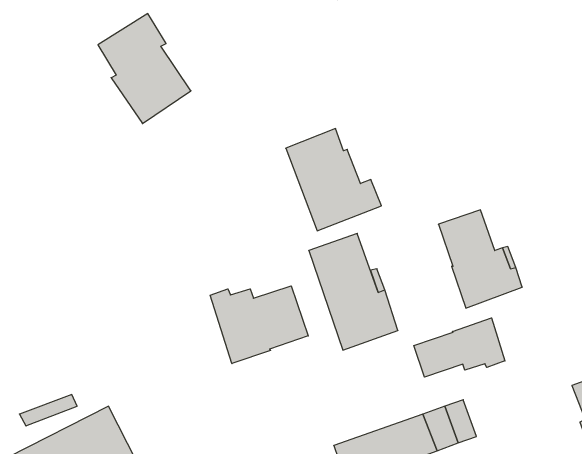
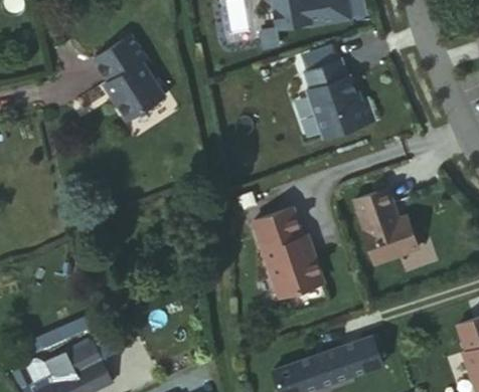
building: [286,129,381,231] -> [298,59,371,138]
building: [210,286,308,364] -> none
building: [414,318,505,377] -> none

